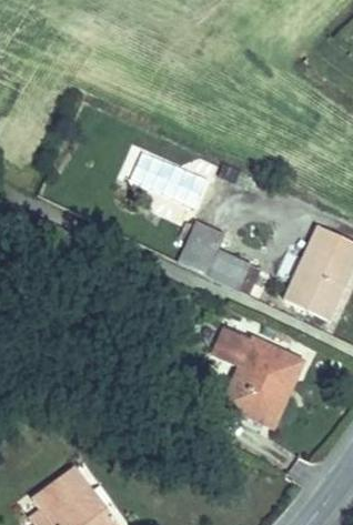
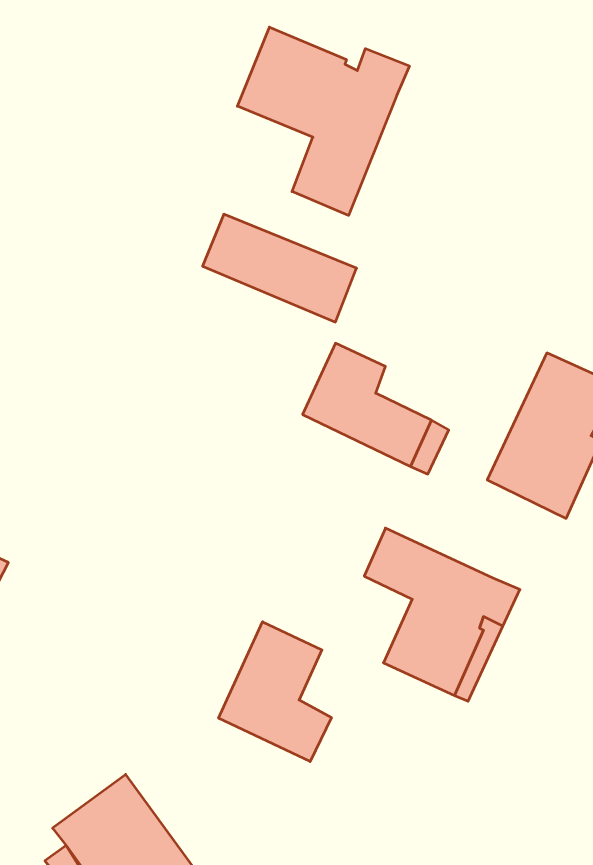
building: none -> [237,27,409,215]
building: none -> [219,622,331,762]

